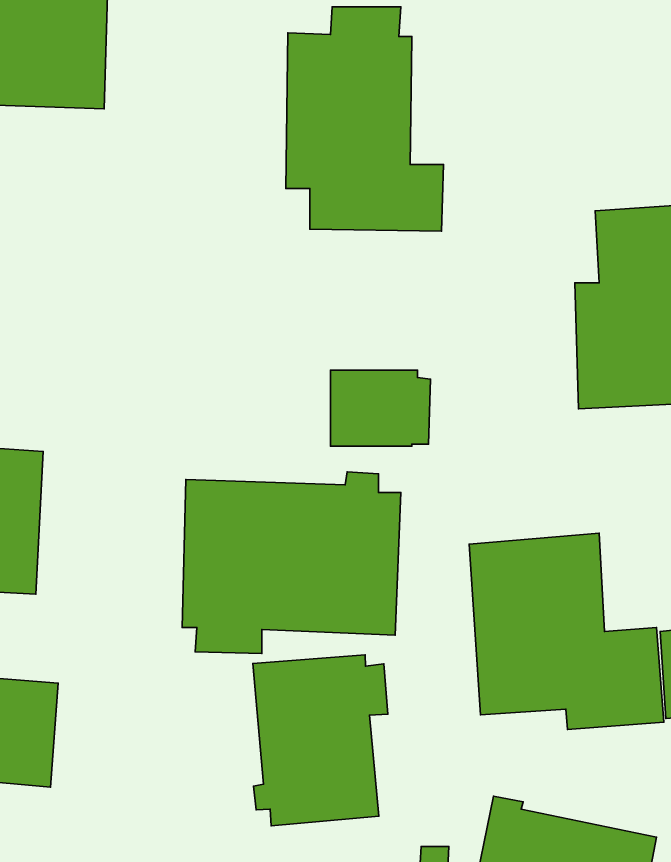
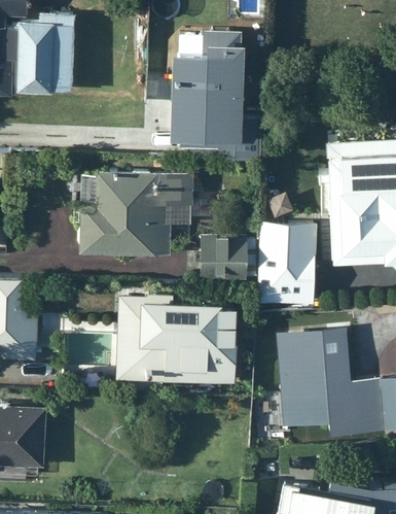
building: none -> [78,171,191,256]
building: none -> [254,240,314,306]
building: [253,655,388,826] -> none

